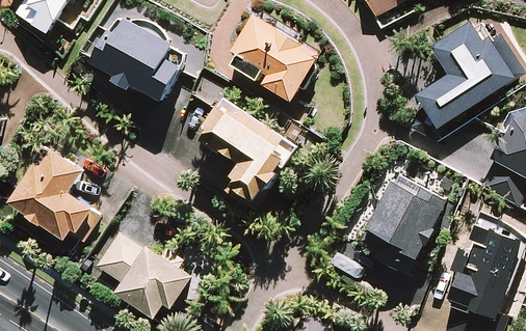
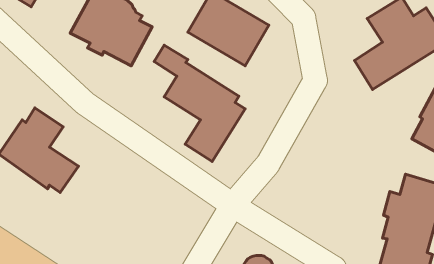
building: [346,175,446,282] -> none
building: [94,233,194,322] -> none

